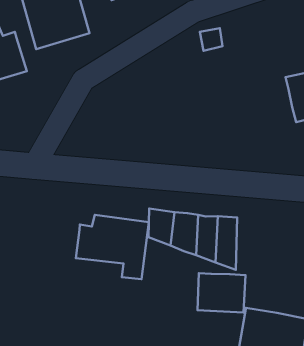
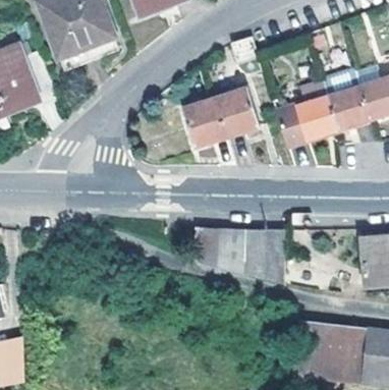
building: none -> [180,85,258,144]
building: none -> [275,94,337,143]
building: [76,215,149,279] -> none
building: [198,273,245,313] -> none

